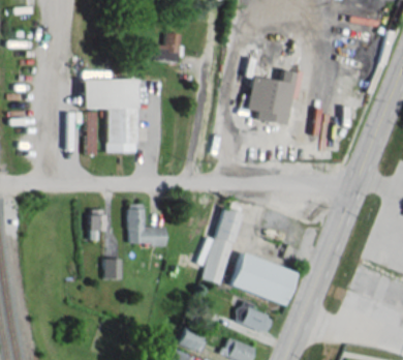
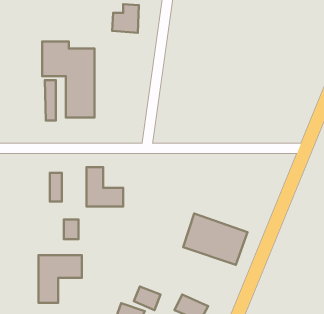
building: [246,69,297,126] -> none
building: [204,204,243,286] -> none
building: none -> [38,255,82,303]
building: [235,300,276,334] -> none

